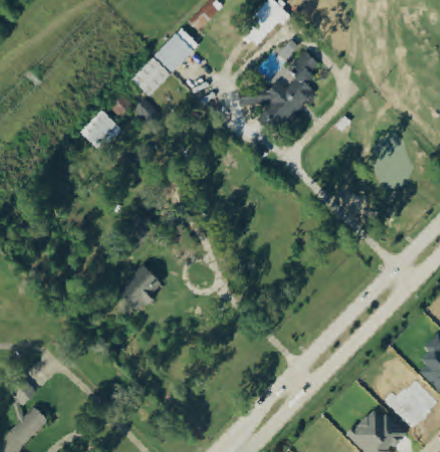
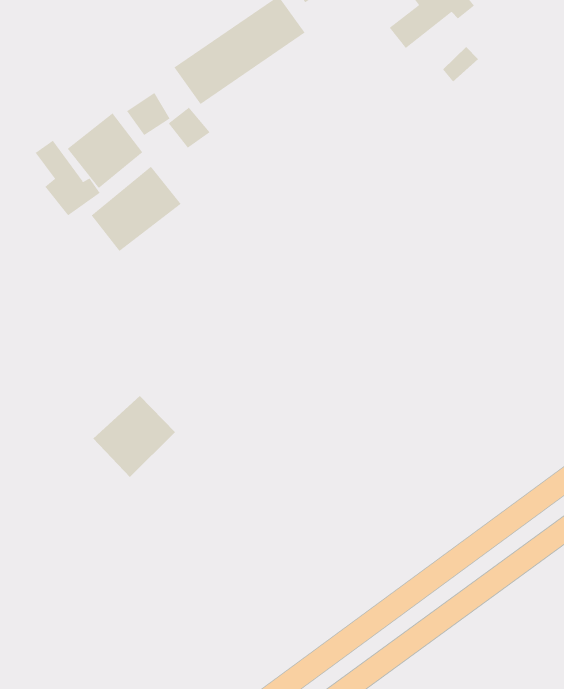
building: [236,50,319,127] -> none
building: none -> [35,140,101,216]
building: none -> [91,166,181,252]

